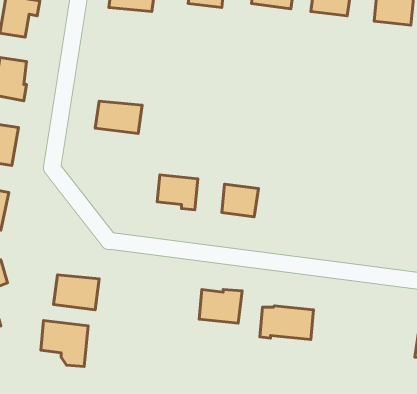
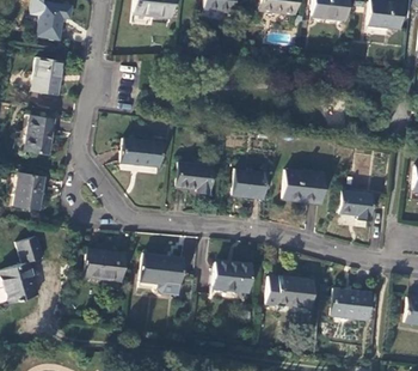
building: [95,101,142,133] -> [121,138,162,166]
building: none -> [282,170,325,203]
building: none -> [338,189,373,220]
building: none -> [332,288,369,320]
building: [41,321,88,366] -> [140,254,182,294]

